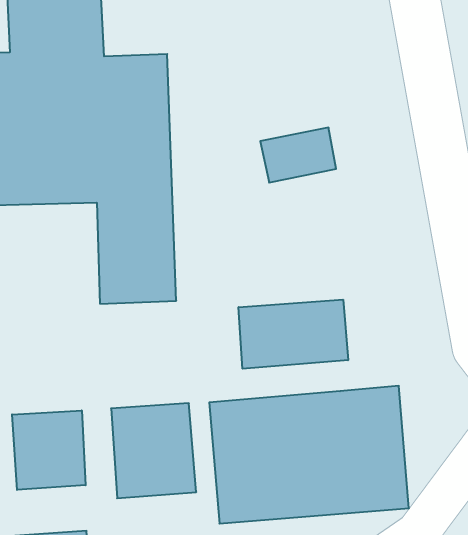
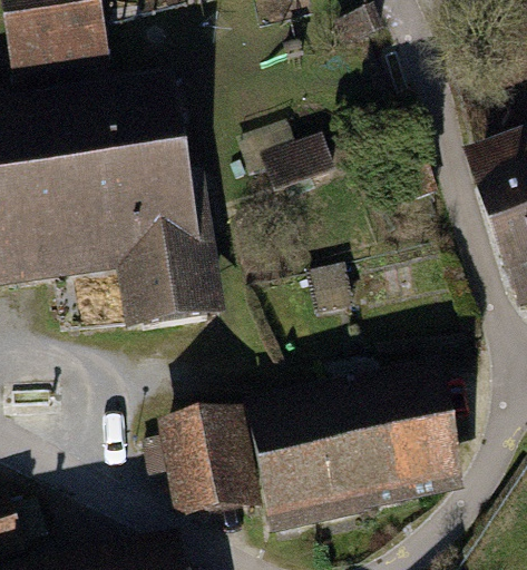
building: [239,300,348,369] -> none
building: [12,410,86,490] -> none

